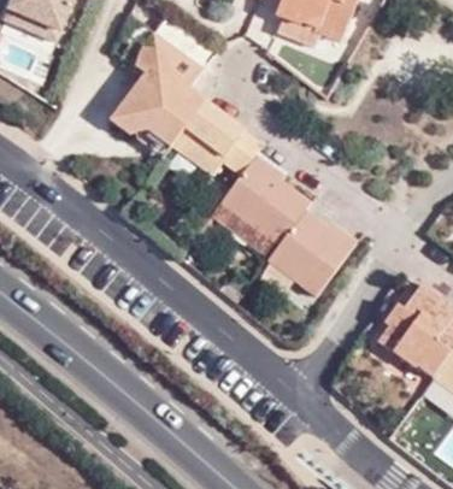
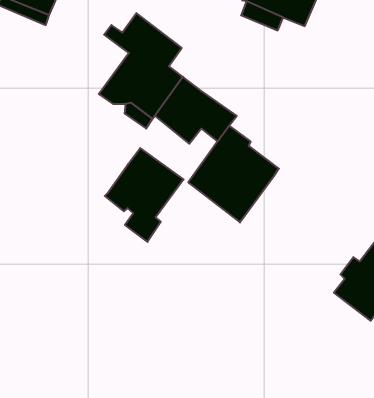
building: none -> [105,148,184,242]
building: [270,210,359,297] -> none

